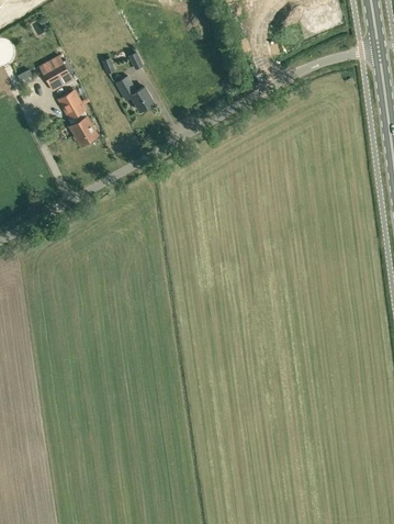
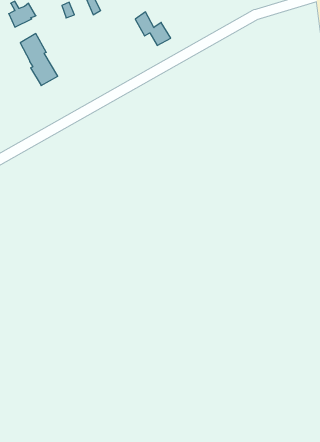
building: [116,76,154,111] -> [135,12,171,45]

